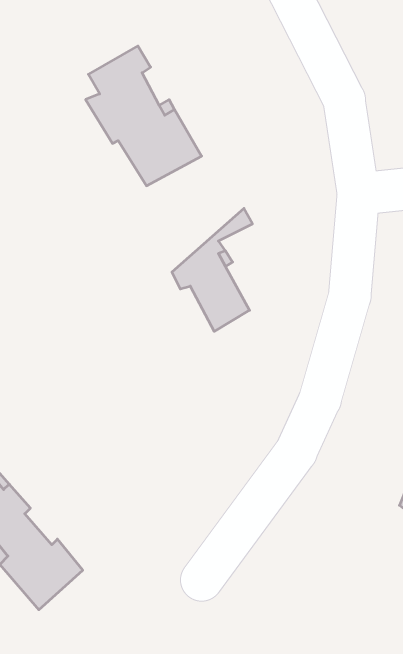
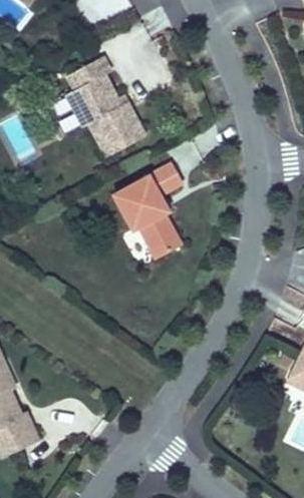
building: none -> [112,160,176,215]

